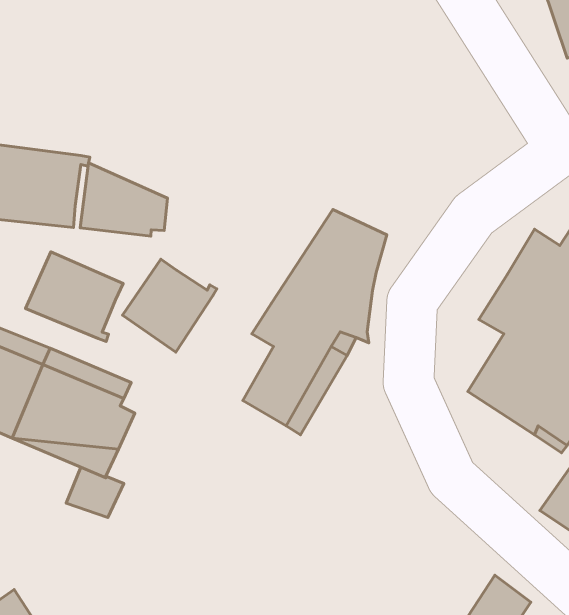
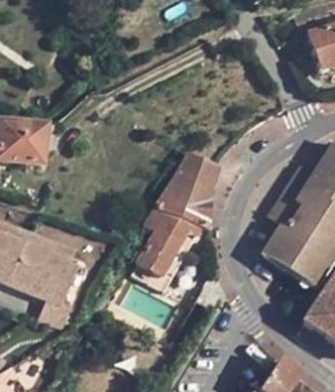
building: [80,163,167,236] -> none
building: [25,252,123,341] -> none
building: [123,259,217,352] -> none

